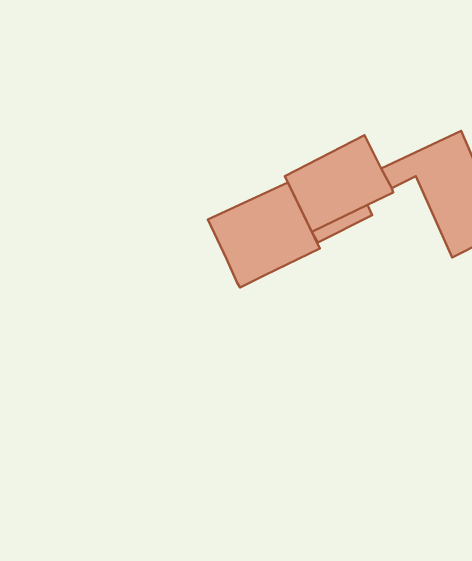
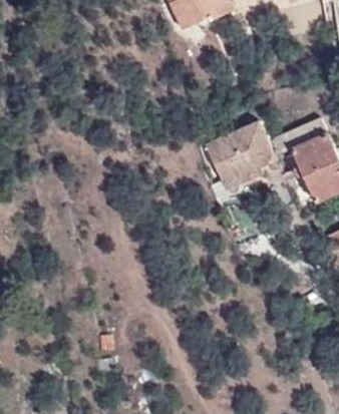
building: [208,183,320,288] -> none

